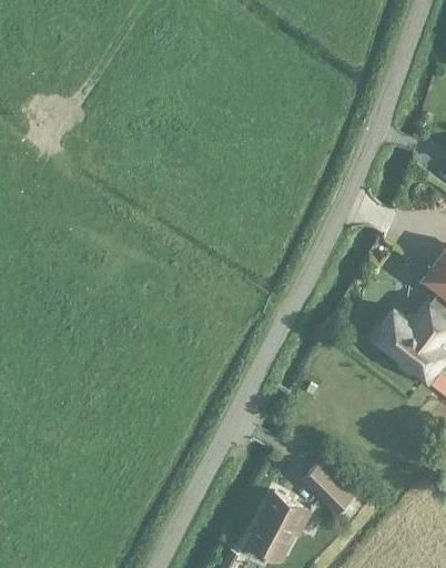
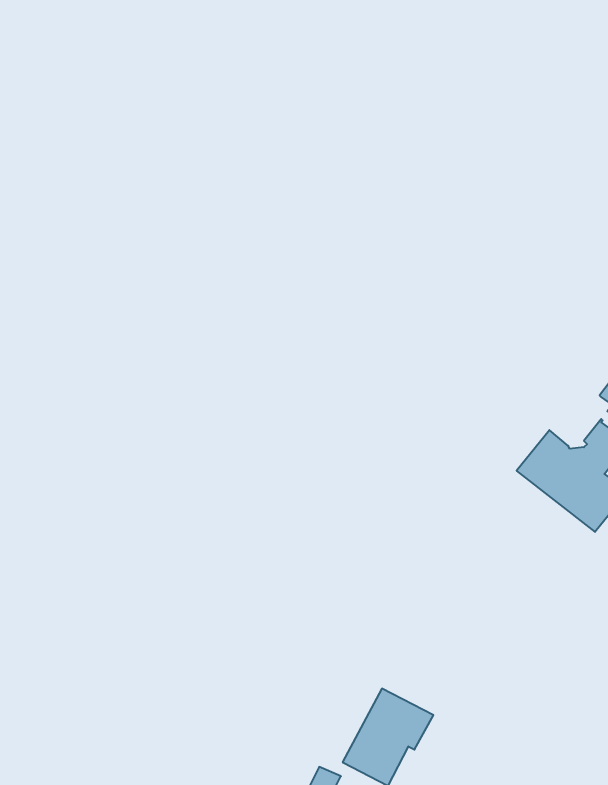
building: [300,463,351,514] -> none

